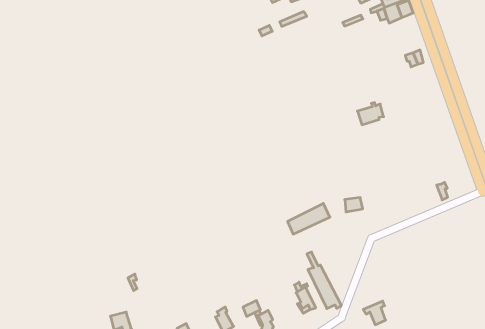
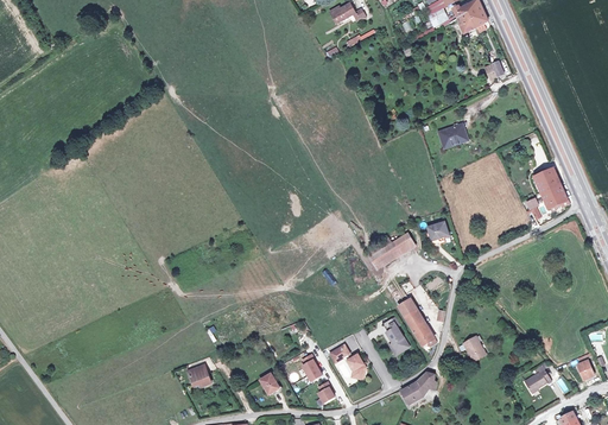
building: none -> [533,166,568,210]

